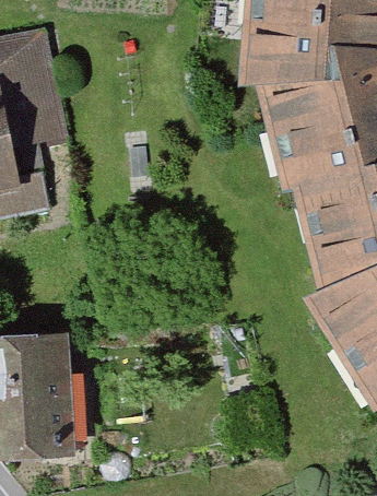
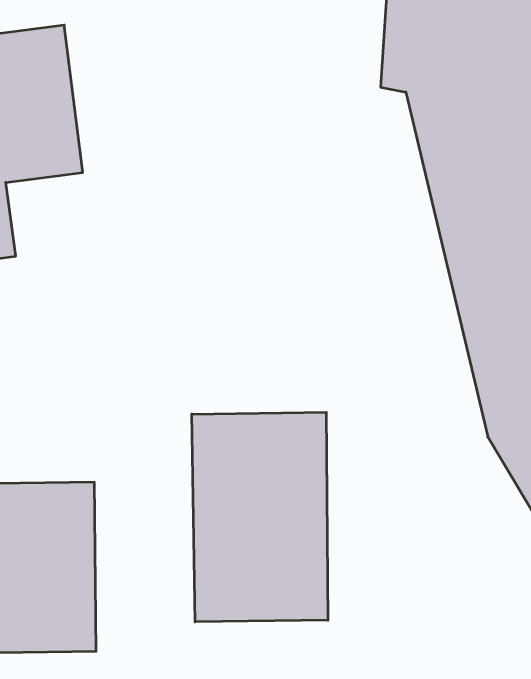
building: none -> [192,412,328,622]

